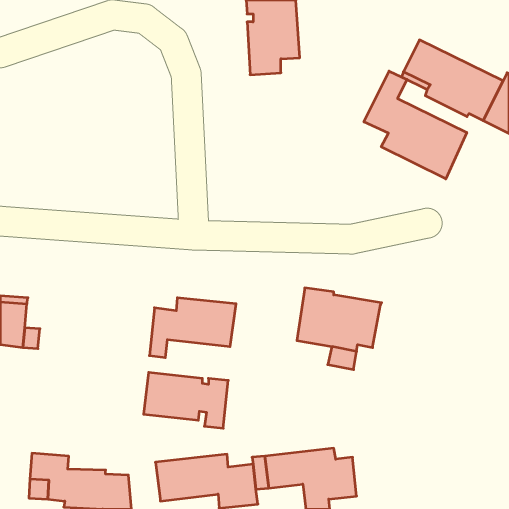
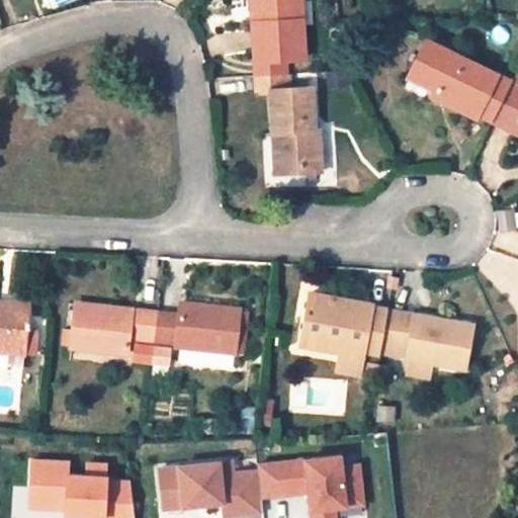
building: [364,71,467,179] -> none
building: none -> [254,73,321,173]
building: none -> [378,310,471,369]
building: [144,372,228,428] -> [71,305,157,361]

